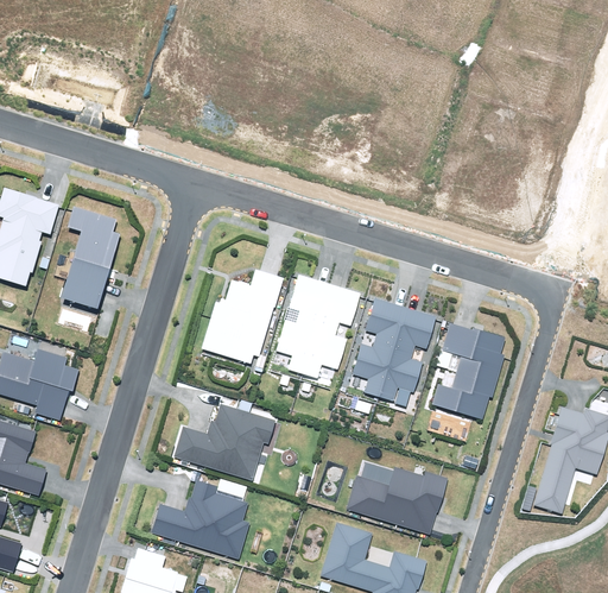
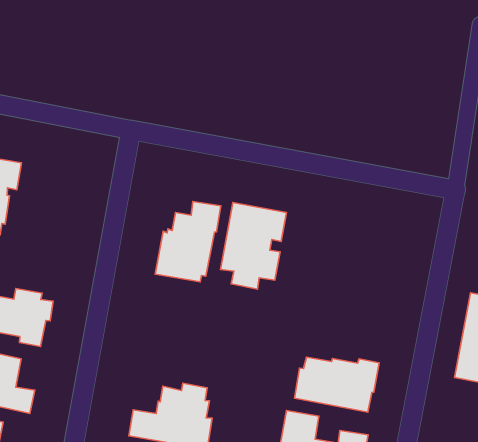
building: [59,207,119,309] -> none
building: [353,297,436,406] -> none
building: [431,323,505,419] -> none
building: [172,405,274,480] -> none

